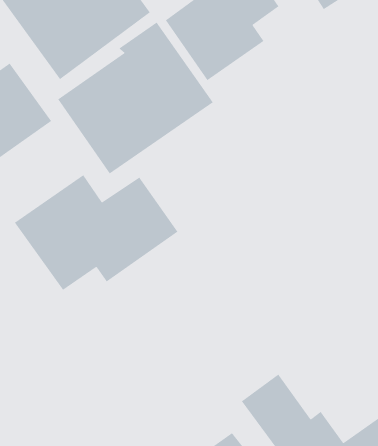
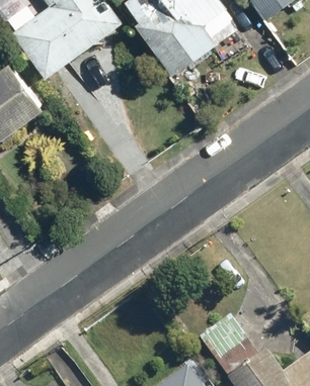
building: [57,21,214,174] -> none
building: [14,174,179,291] -> none

